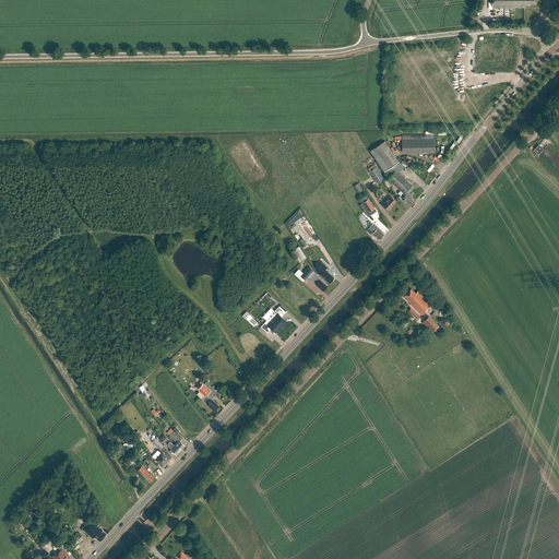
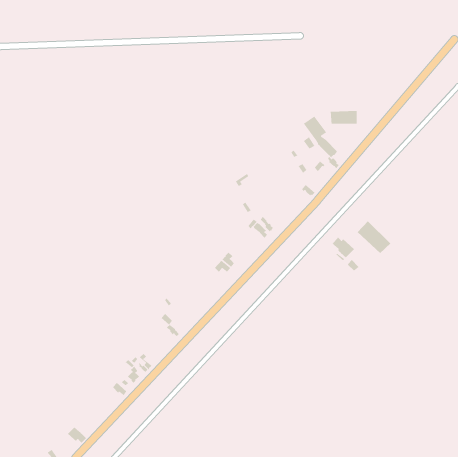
building: none -> [357,220,391,254]

